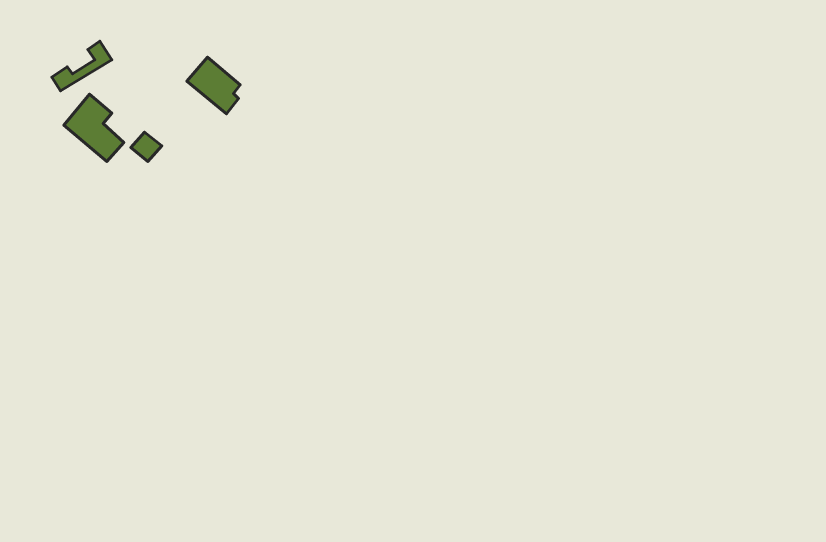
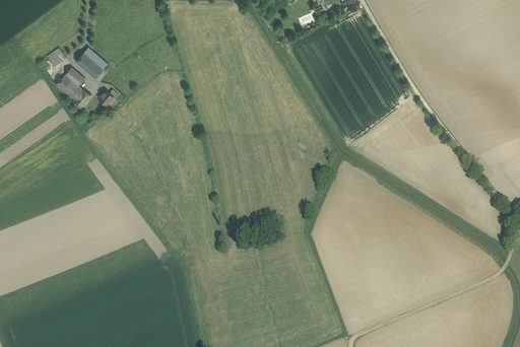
building: [187,57,240,114] -> [77,47,109,80]

